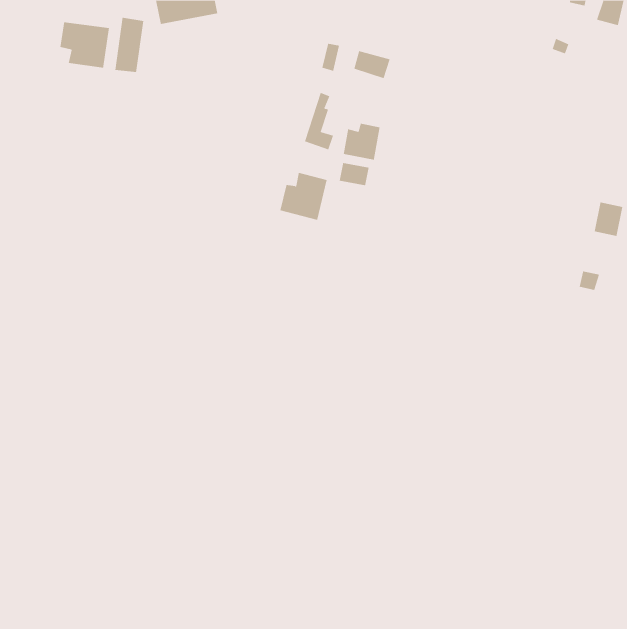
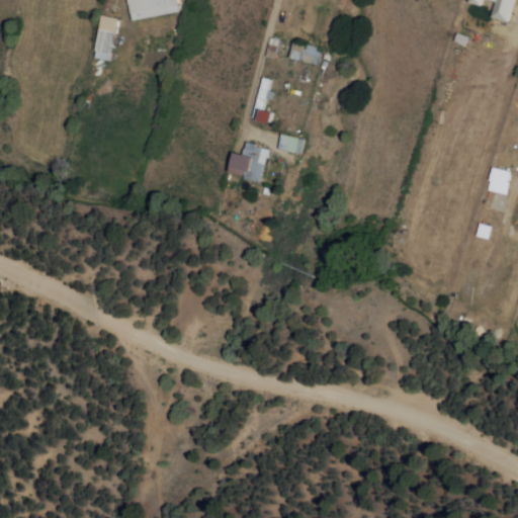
building: [60,22,109,68] -> none
building: [343,123,380,160] -> none

